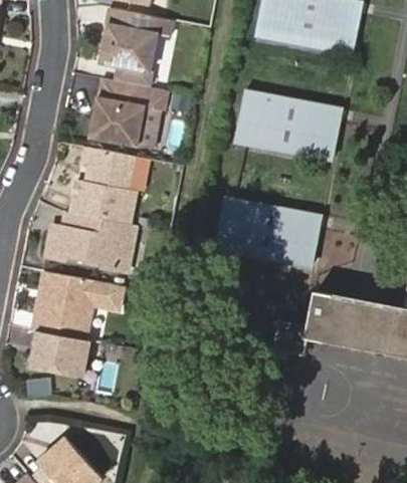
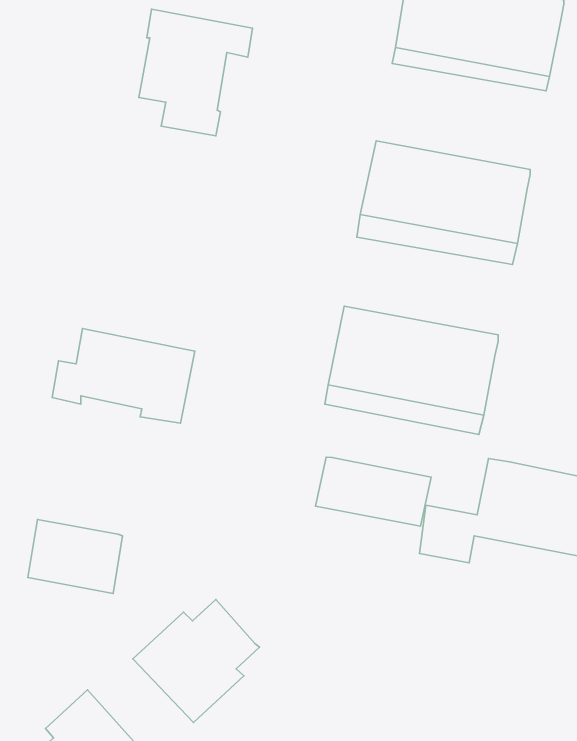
building: [88,80,166,149] -> none
building: [68,148,140,224] -> none
building: [32,271,123,338] -> none
building: none -> [315,457,431,526]
building: none -> [133,599,259,722]

